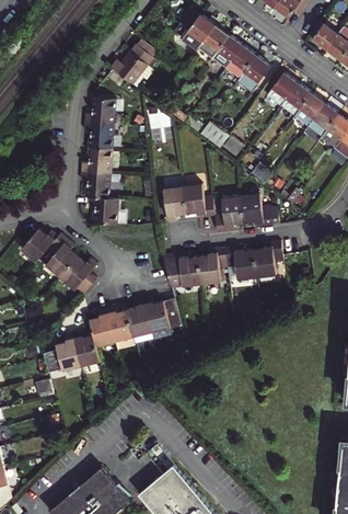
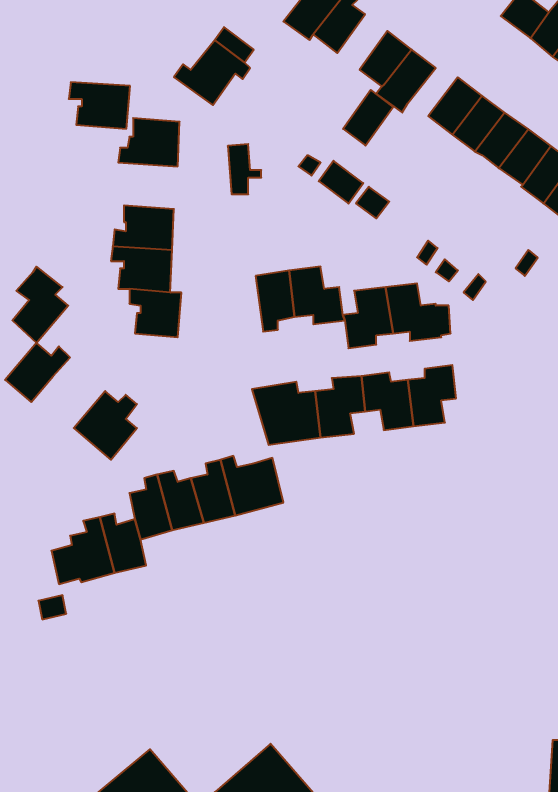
building: [211,35,241,68] -> [343,90,393,146]
building: [81,123,117,150] -> [69,82,130,129]
building: [42,235,74,279] -> [12,267,68,343]

